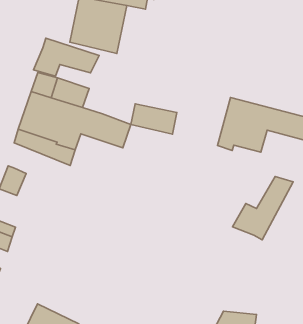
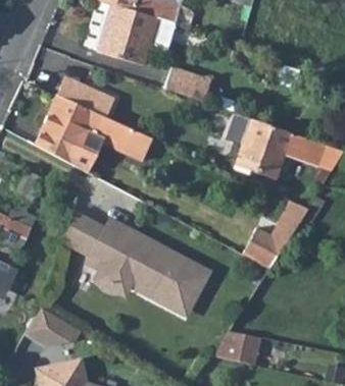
building: [33,38,99,76] -> none
building: [131,104,177,134] -> [165,71,212,105]
building: none -> [64,213,210,310]

